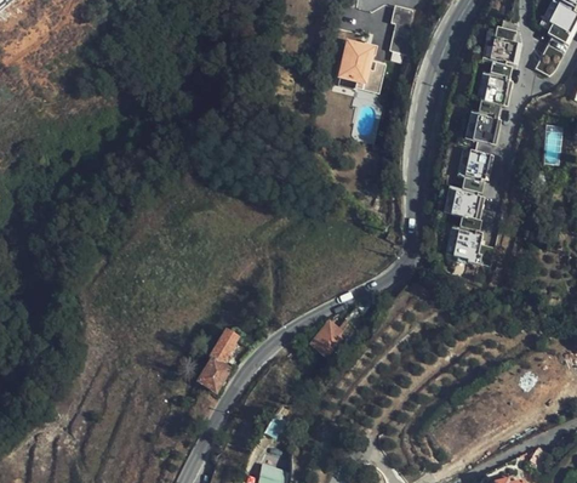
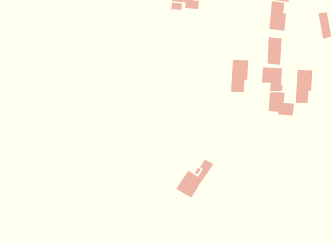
building: none -> [230,59,249,93]
building: none -> [295,69,313,104]
building: [196,328,239,393] -> none

